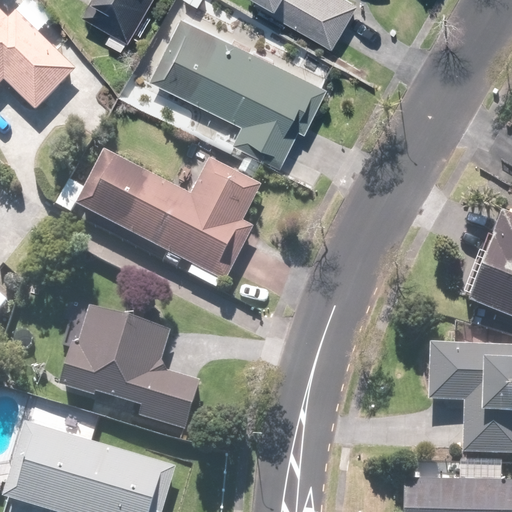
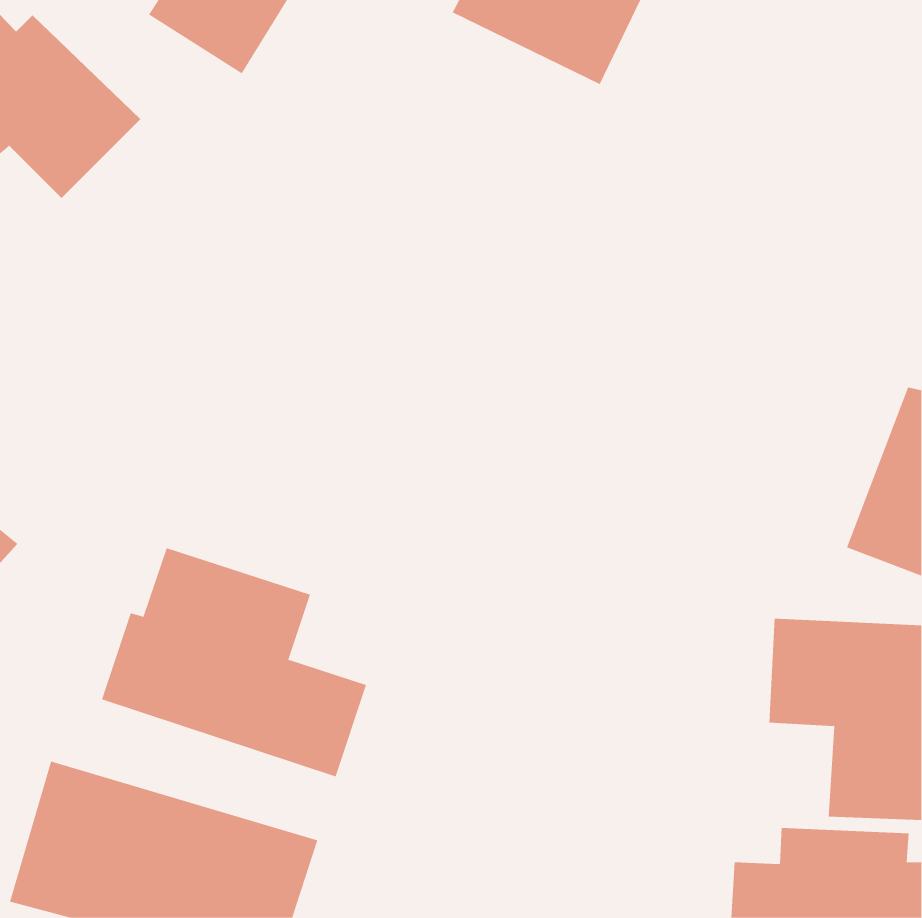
building: [147,12,323,164] -> none
building: [54,149,263,288] -> none

